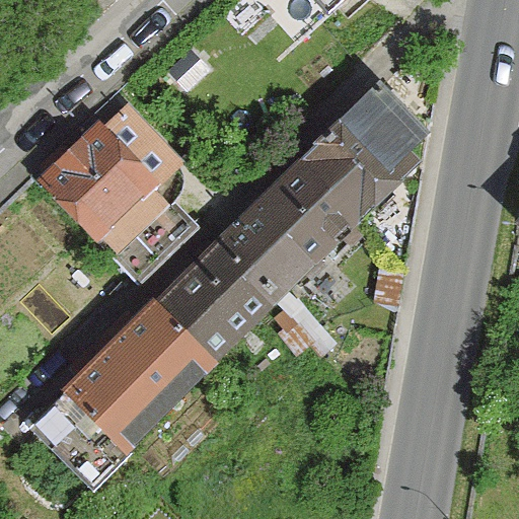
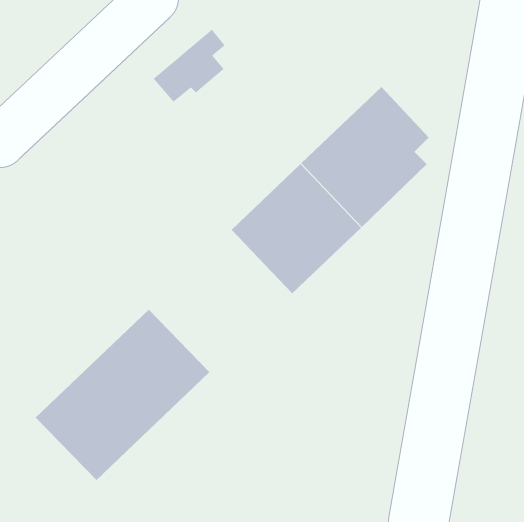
building: [42,100,189,274] -> none
building: [147,227,289,368] -> none

